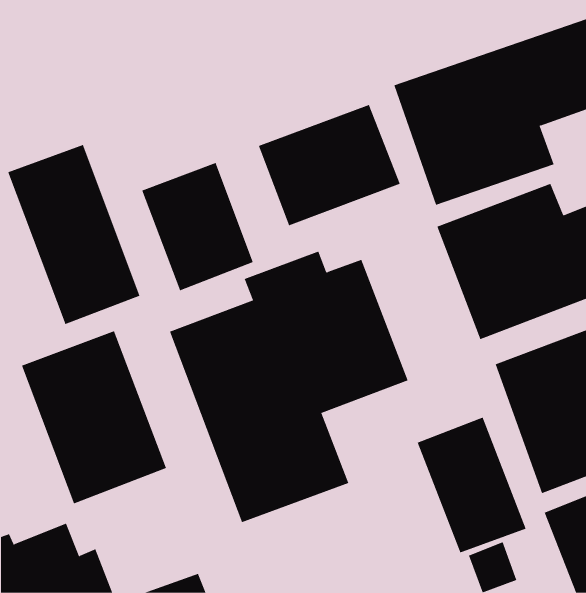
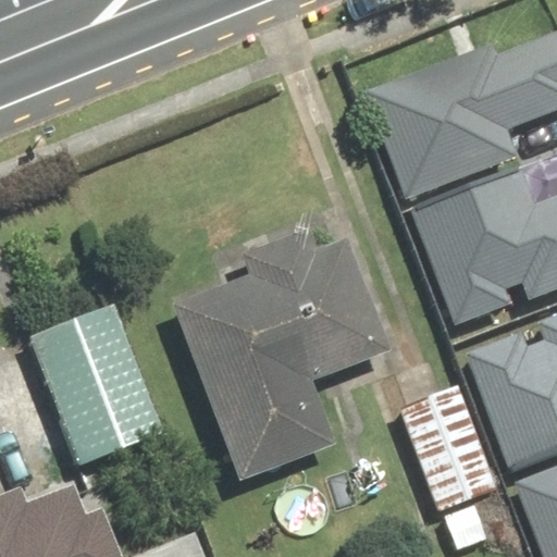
building: [258,104,400,226] -> none
building: [7,144,140,325] -> none
building: [141,162,253,291] -> none

